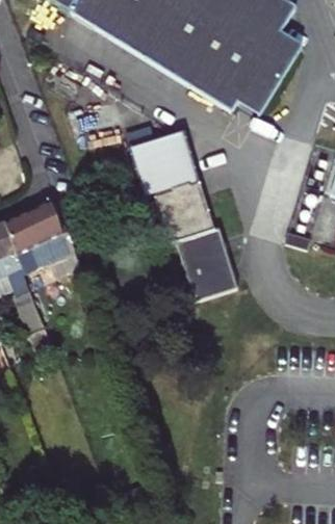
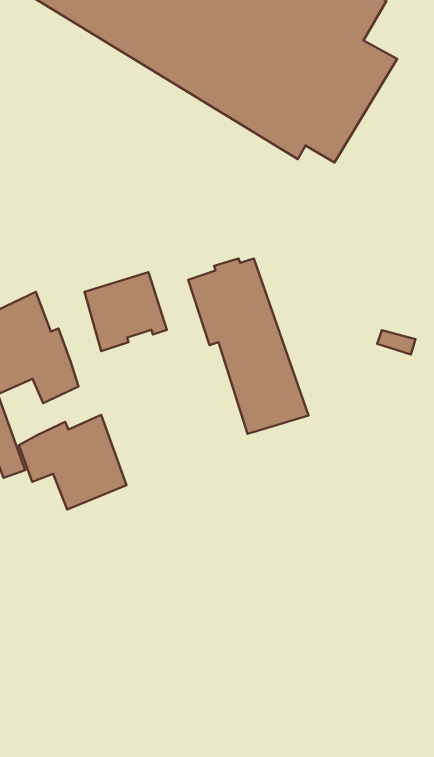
building: [143,138,199,192] -> [84,272,167,351]
building: none -> [19,415,127,509]

